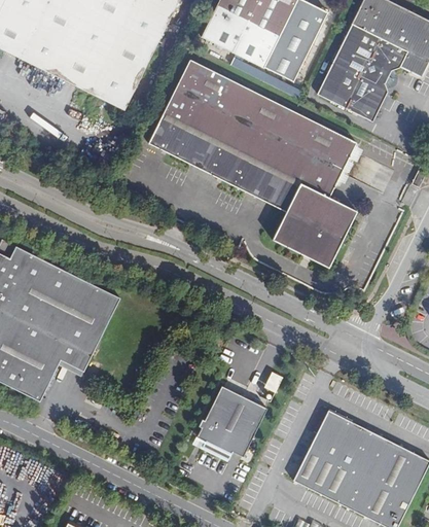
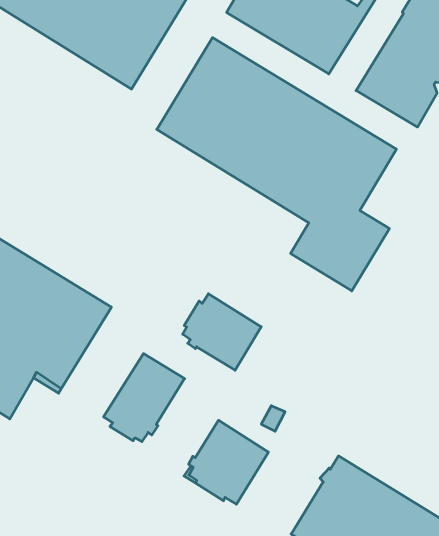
building: none -> [183,294,261,370]
building: none -> [104,354,185,442]

